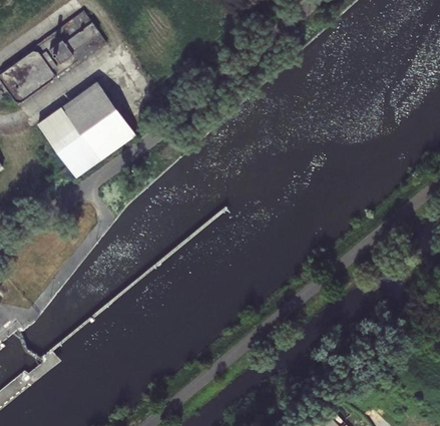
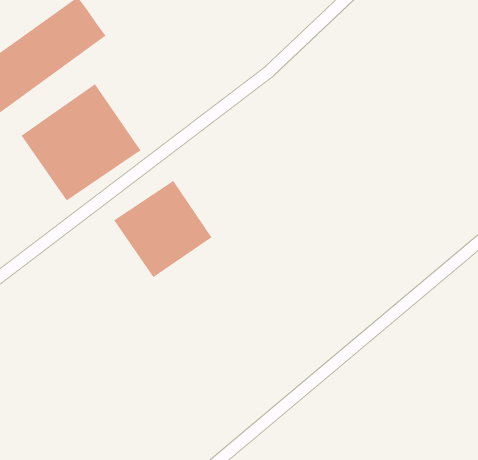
building: none -> [113,180,213,278]

